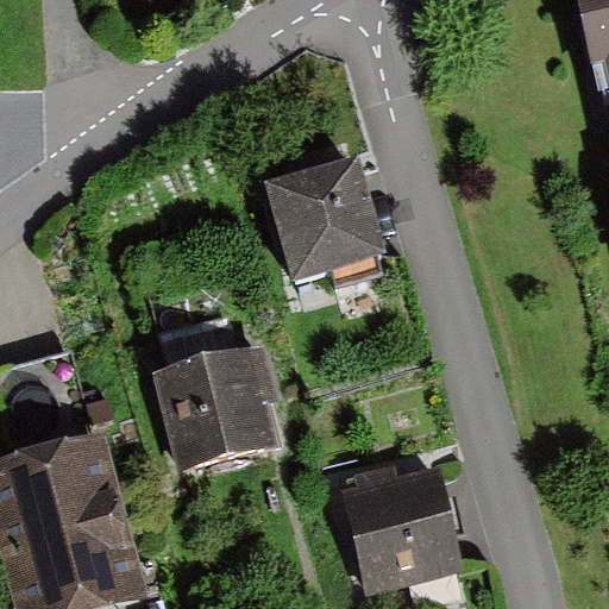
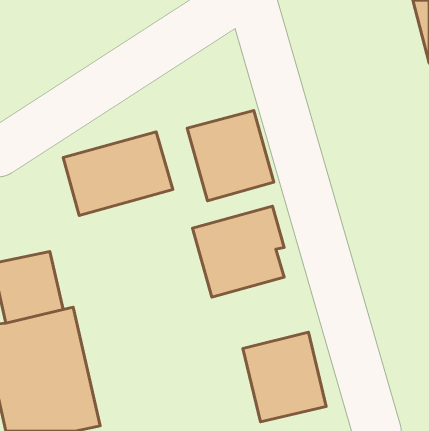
building: none -> [63,132,173,216]
building: [149,344,278,472] -> [192,206,284,297]

